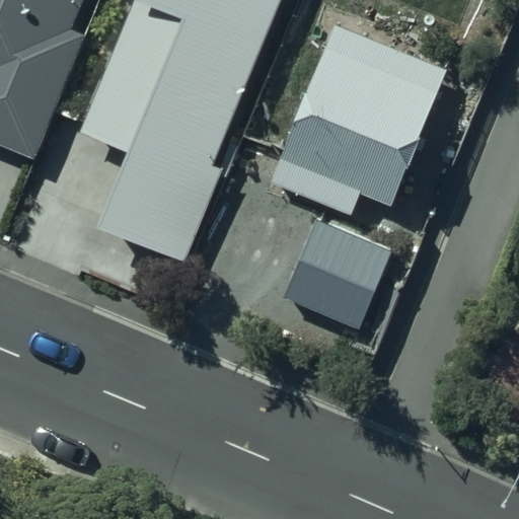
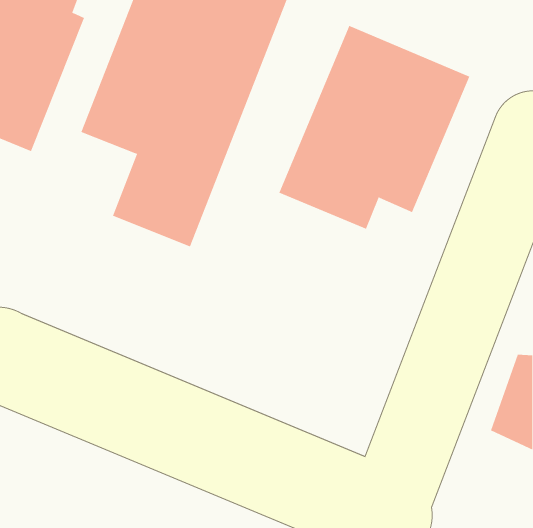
building: [286,222,393,329] -> none

